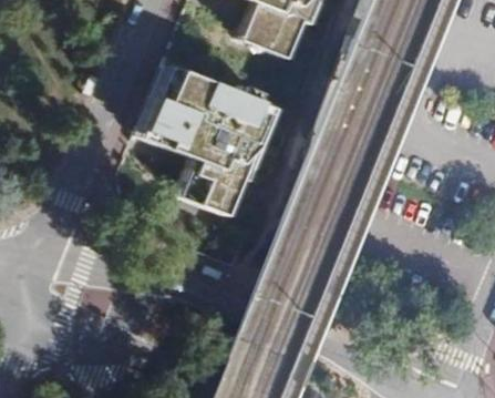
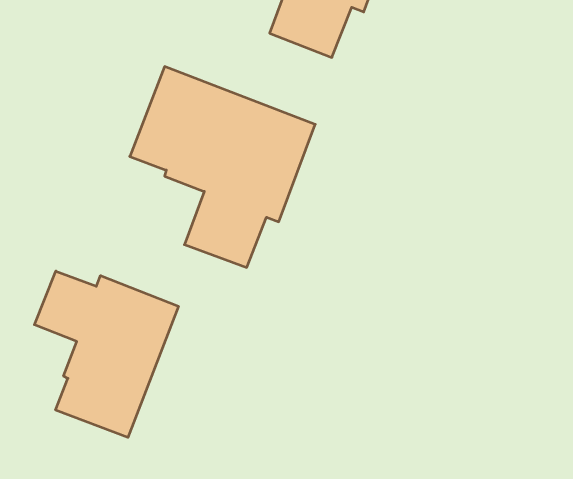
building: none -> [34,271,178,437]

